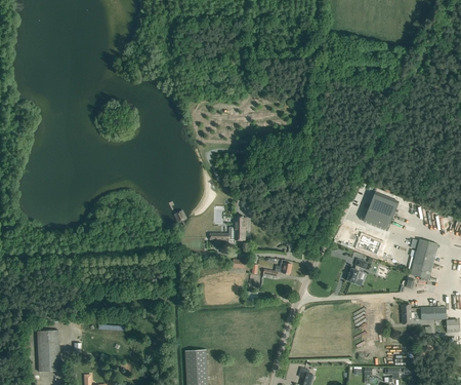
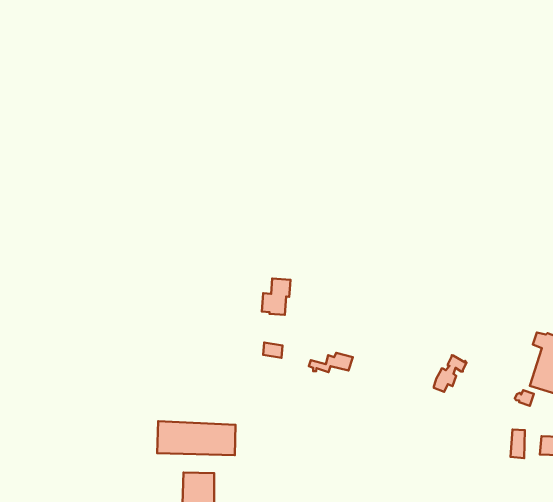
building: [364,193,397,228] -> none
building: none -> [157,421,236,455]

